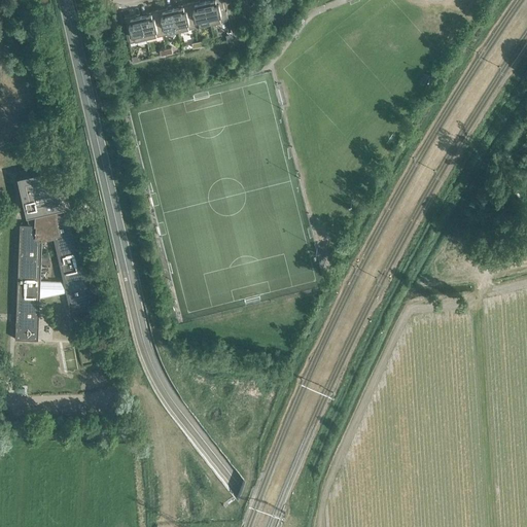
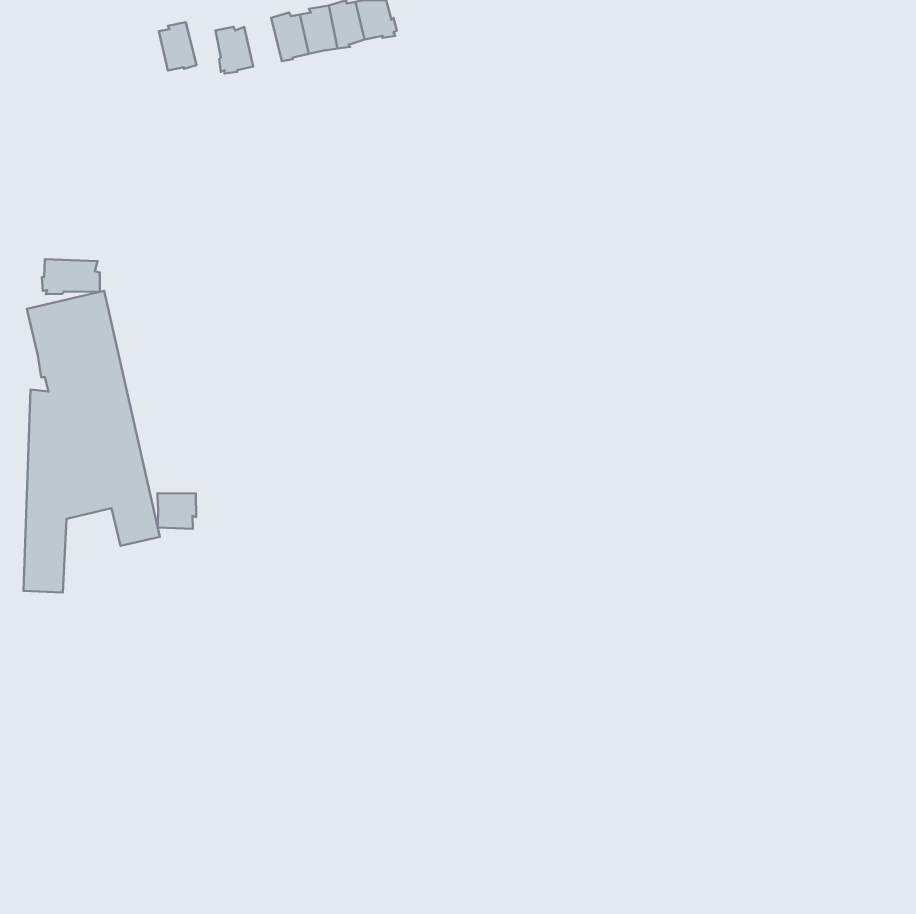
building: [140,12,162,40] -> [159,22,196,71]
building: none -> [42,259,100,294]
building: none -> [158,493,196,529]

